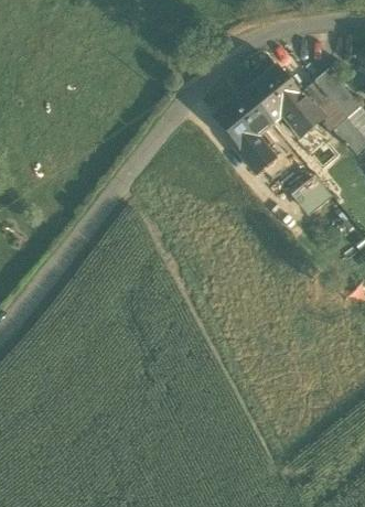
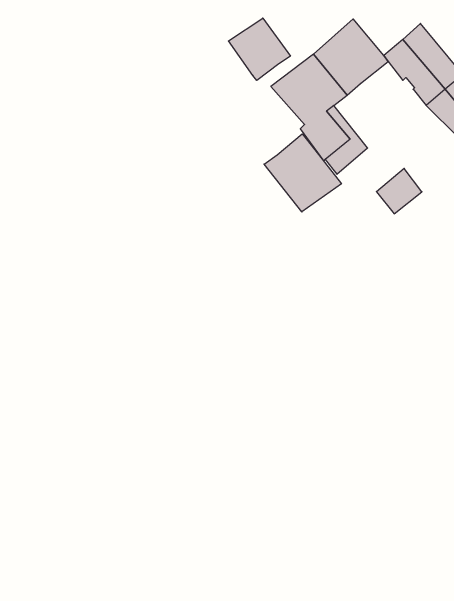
building: none -> [228,18,290,80]
building: [283,96,324,136] -> none
building: none -> [264,134,341,212]

